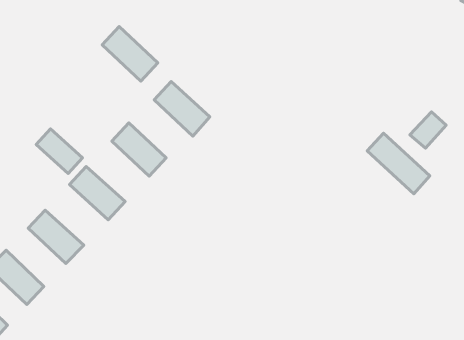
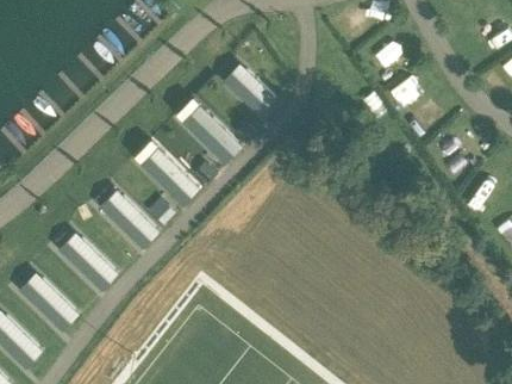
building: [102,26,158,81] -> [219,60,274,113]
building: [36,129,82,173] -> none
building: [367,133,430,194] -> none

